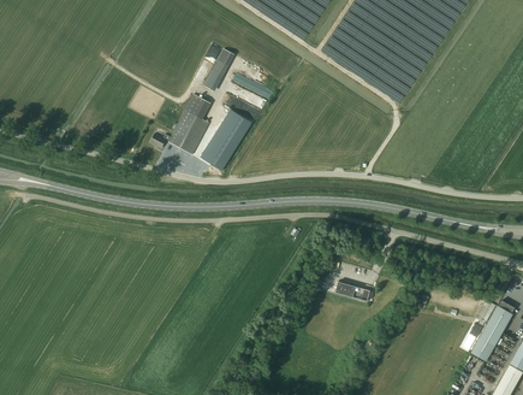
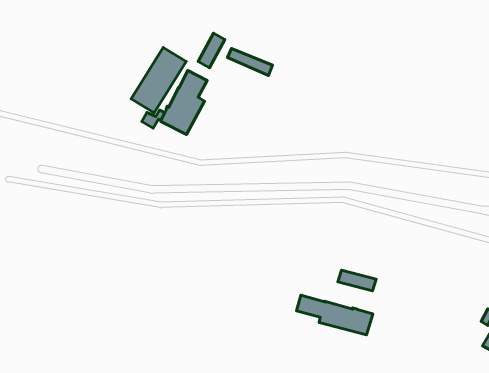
building: [200,108,251,170] -> [131,47,186,113]
building: none -> [297,295,373,335]

